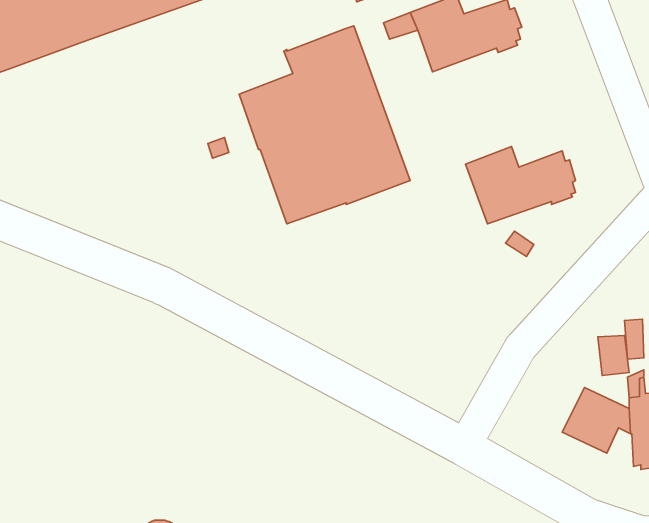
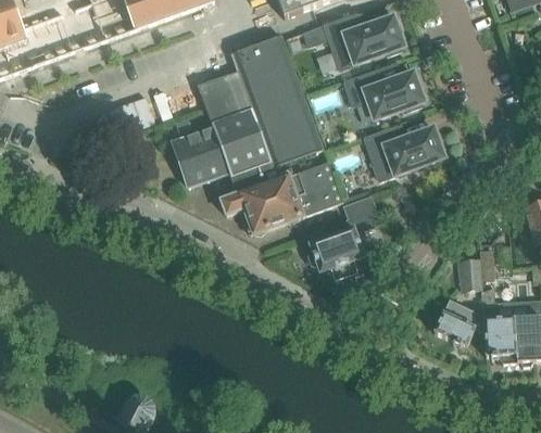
building: none -> [343,67,424,118]
building: none -> [172,125,229,186]
building: none -> [221,160,342,233]
building: none -> [306,195,379,281]

